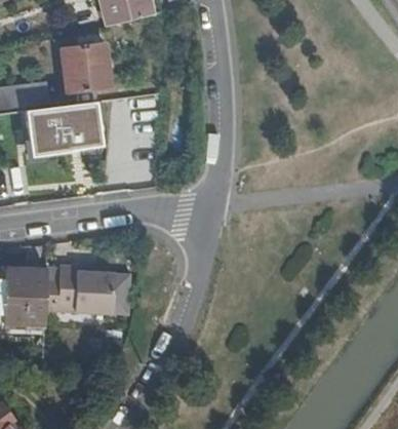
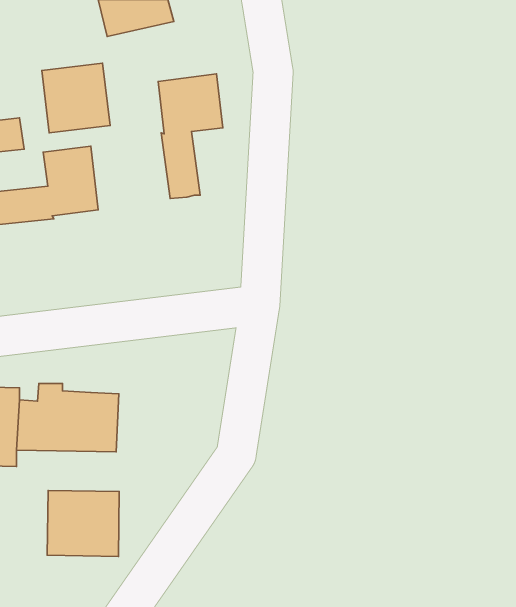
building: none -> [158,74,223,198]
building: none -> [47,490,119,556]

